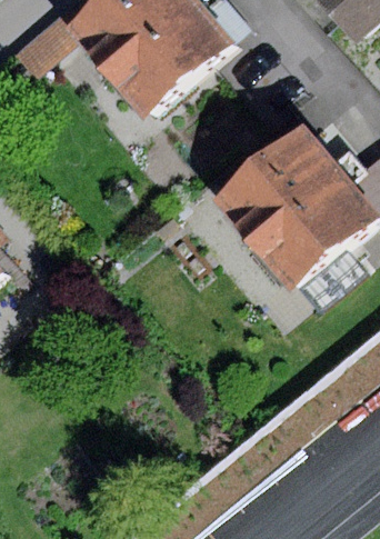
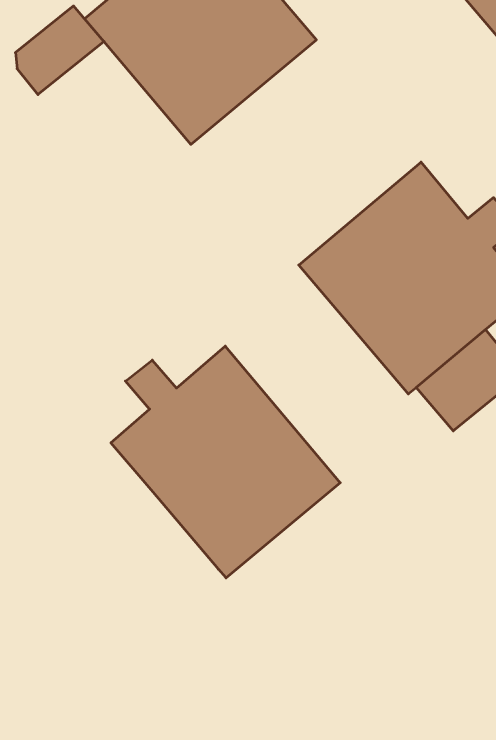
building: none -> [111,346,340,578]

